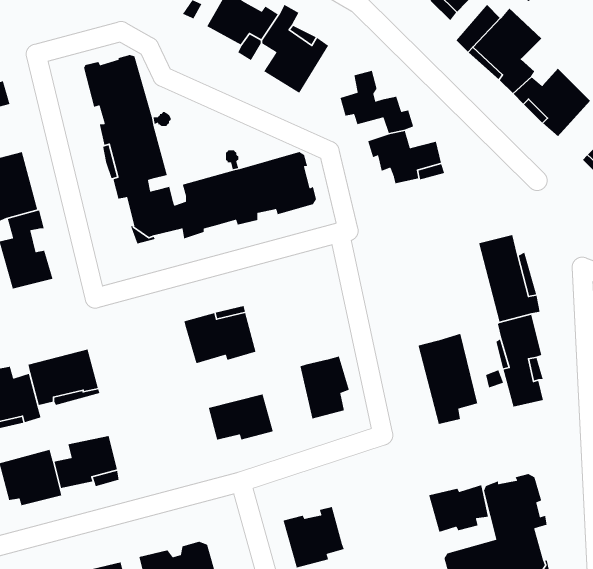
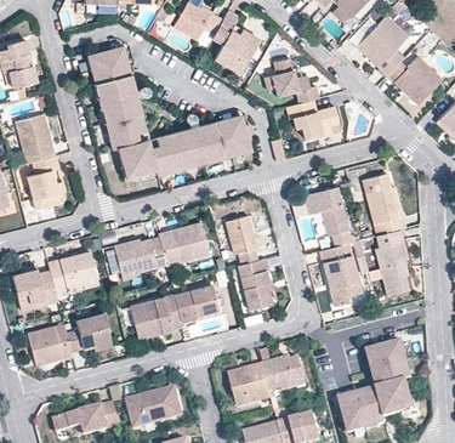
building: none -> [305,186,352,246]
building: none -> [226,216,257,263]
building: none -> [113,238,165,273]
building: none -> [129,294,182,337]
building: [428,484,489,533] -> [261,356,303,390]

